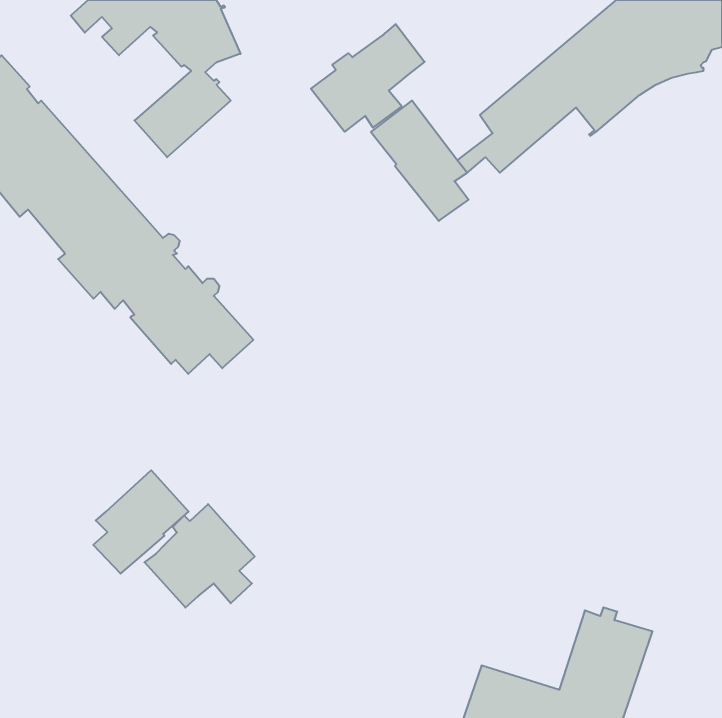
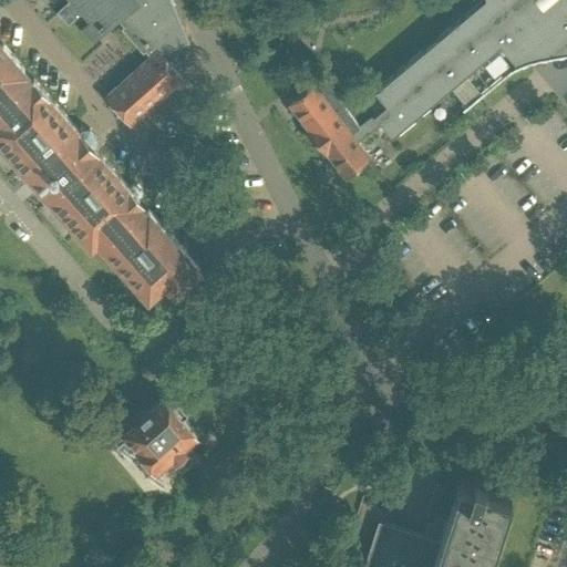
building: [311,24,425,132] -> none
building: [93,470,189,574] -> none

